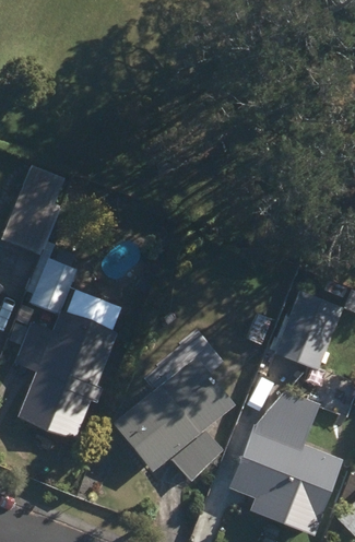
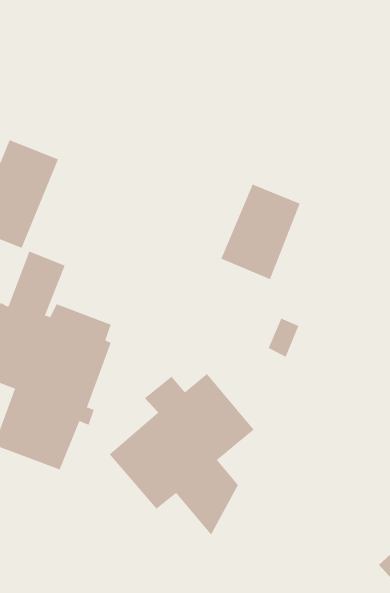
building: [275,291,342,370] -> [220,184,301,280]
building: [230,391,343,535] -> none

